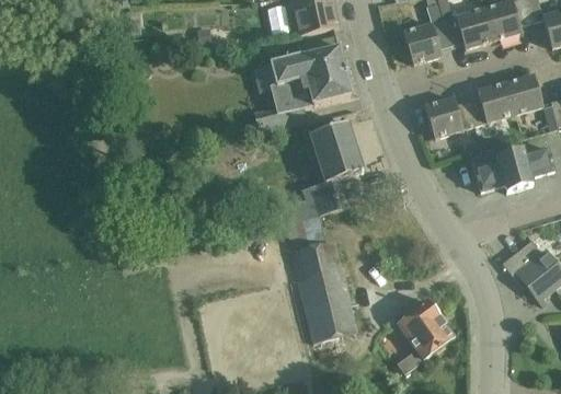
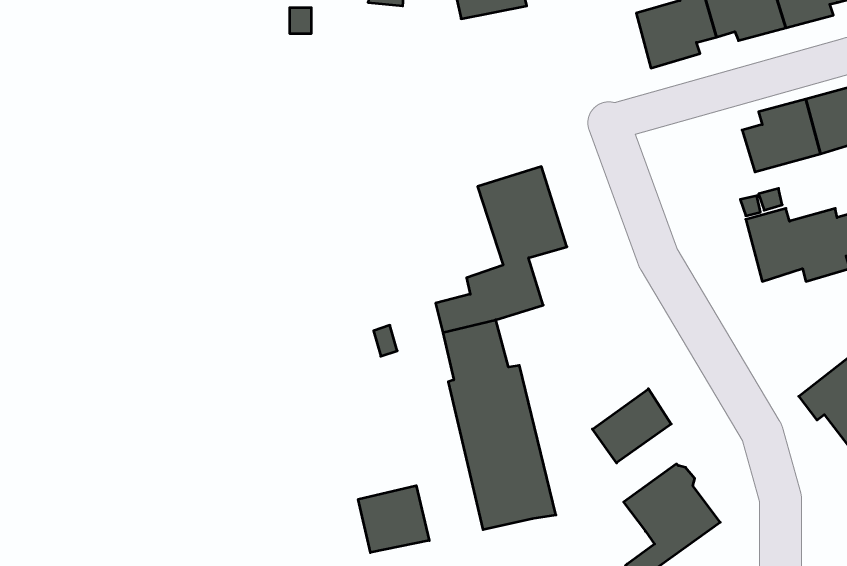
building: [254,35,352,131] -> none
building: [426,96,476,137] -> none
building: none -> [592,389,671,463]
building: none -> [358,486,429,553]

